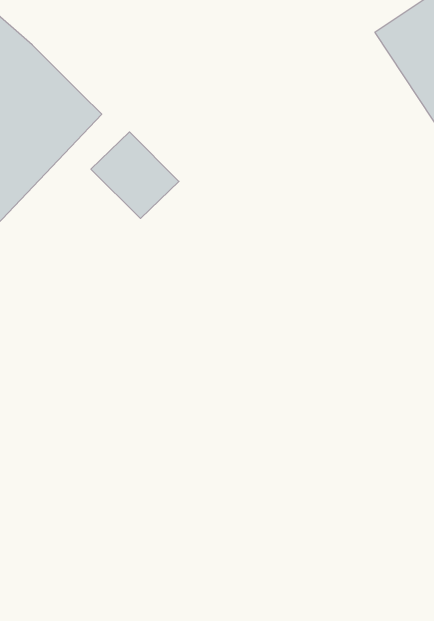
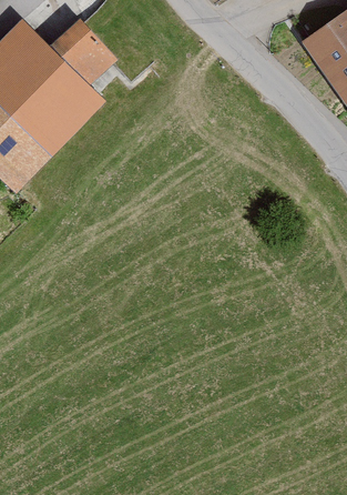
building: [91,132,179,218] -> [53,20,116,82]

